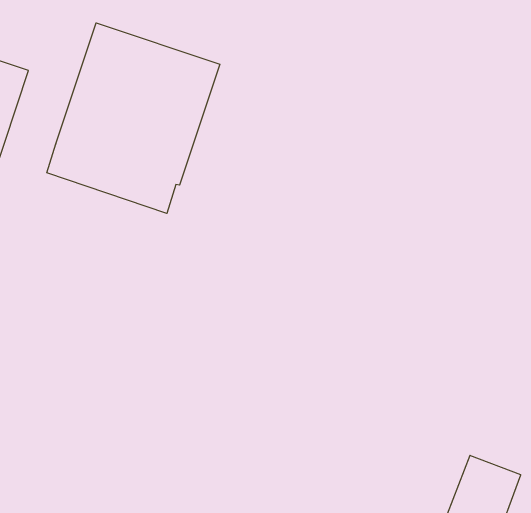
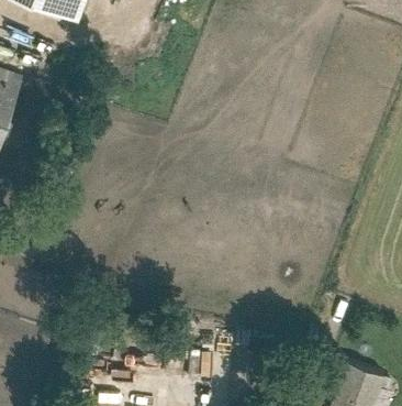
building: [47,23,220,213] -> none

